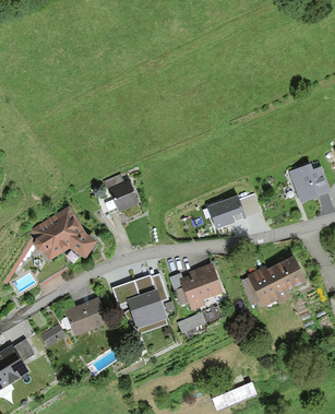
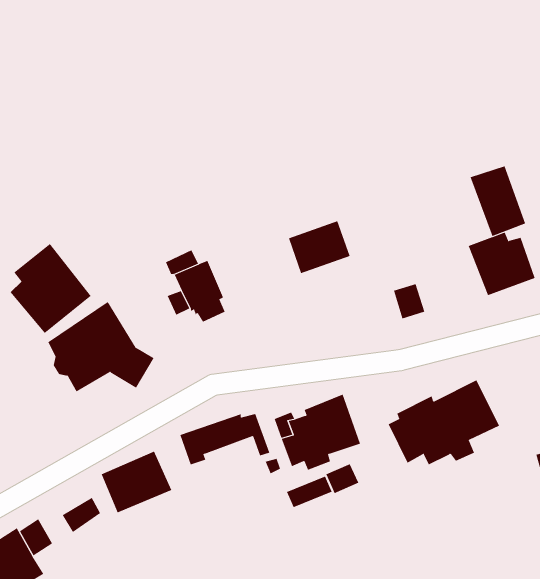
building: none -> [470,165,526,237]
building: none -> [10,243,91,334]
building: [208,196,247,228] -> [288,220,350,274]
building: [125,288,168,334] -> none

